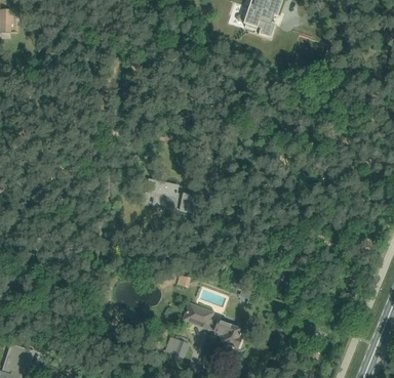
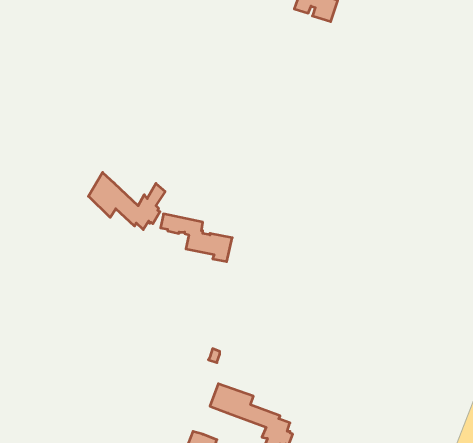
building: none -> [88,172,165,230]

